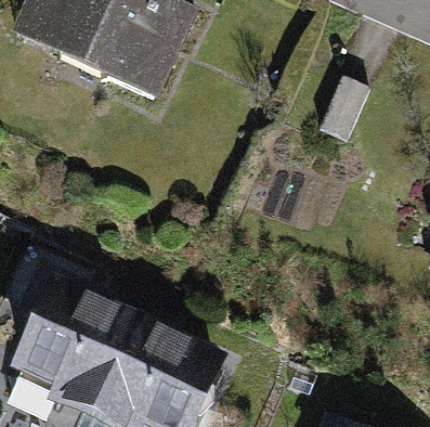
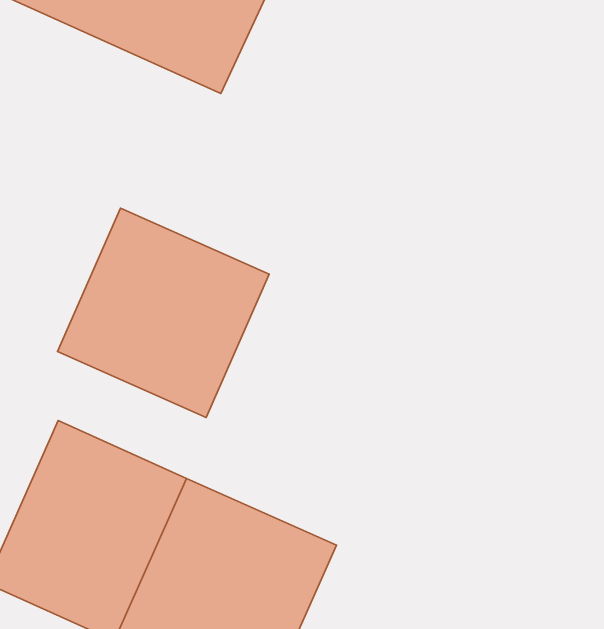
building: none -> [58,208,269,417]

